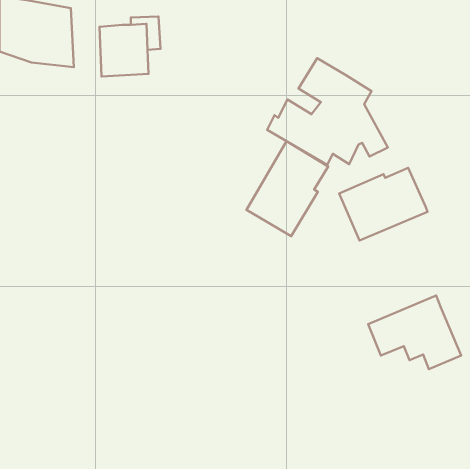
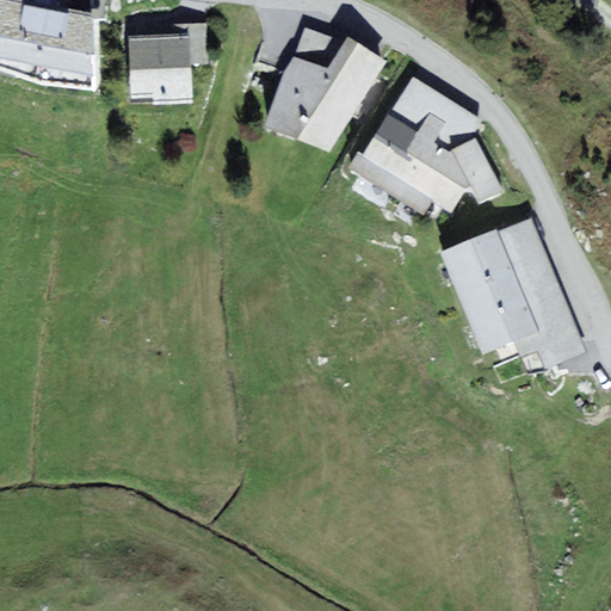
building: none -> [261,32,385,149]
building: [247,141,328,236] -> none
building: [368,296,461,369] -> [465,274,586,370]

